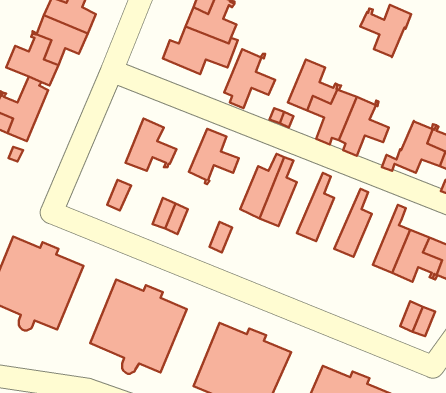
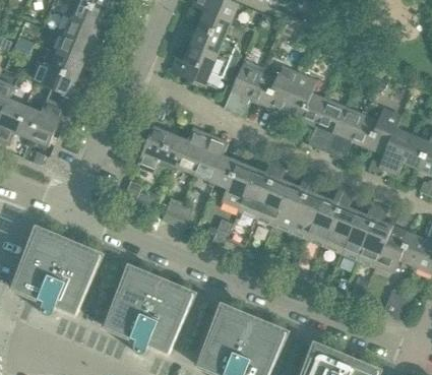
building: [360,5,411,57] -> [355,107,400,153]
building: none -> [253,65,298,111]
building: none -> [165,127,209,173]
building: none -> [209,161,255,206]
building: none -> [273,171,313,228]
building: none -> [307,185,347,242]
building: none -> [341,198,380,256]

